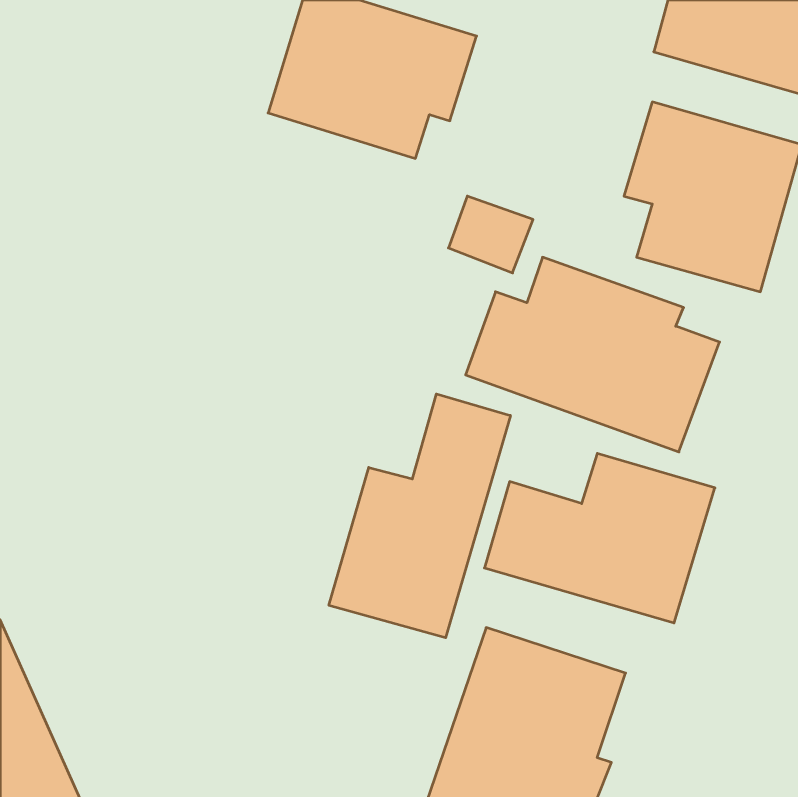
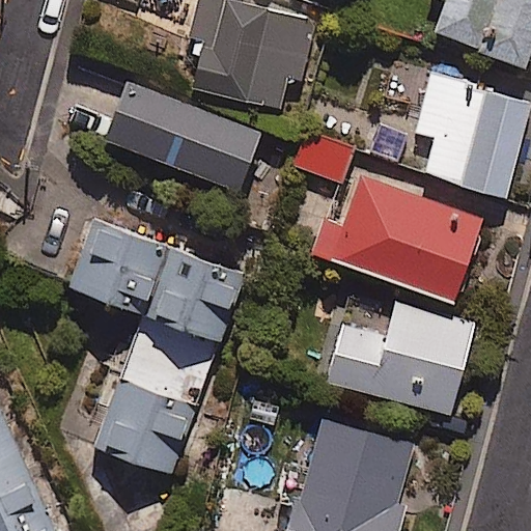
building: none -> [105,84,258,189]
building: none -> [67,223,241,473]
building: [329,394,510,638] -> none

